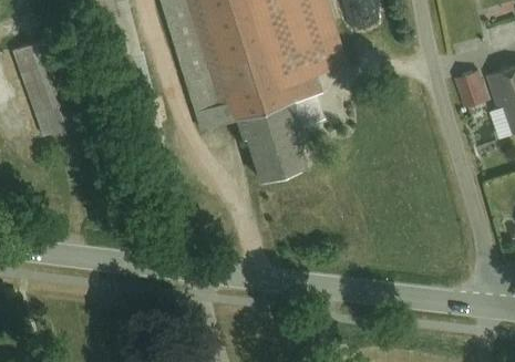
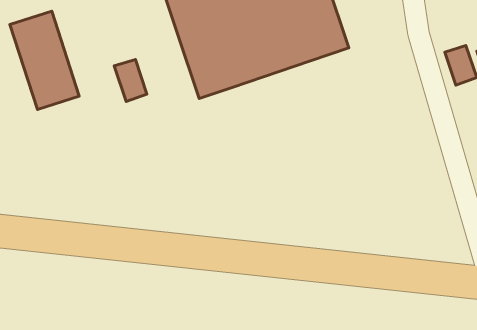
building: none -> [114,59,147,102]
building: [238,87,327,182] -> none

